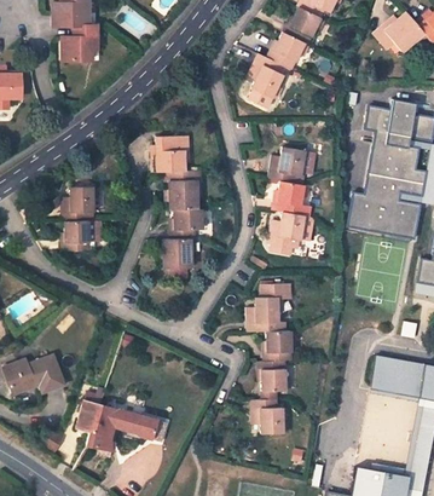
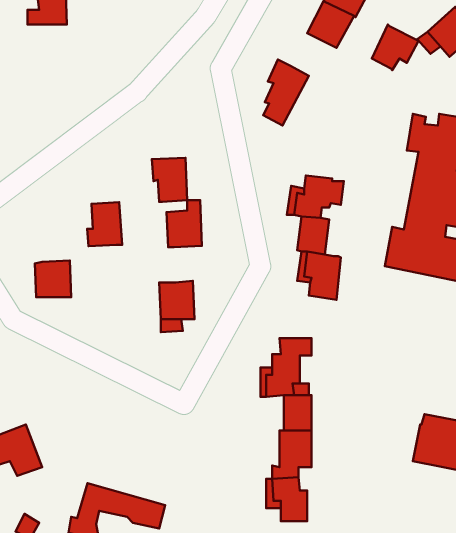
building: [63,24,97,59] -> none
building: [270,31,308,69] -> [372,25,419,70]
building: [64,185,93,221] -> [87,202,122,246]
building: [174,208,202,238] -> none
building: [76,394,103,433] -> none

